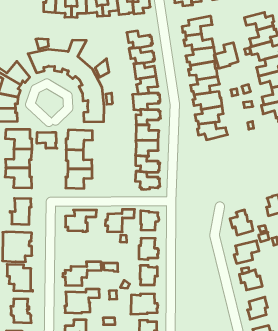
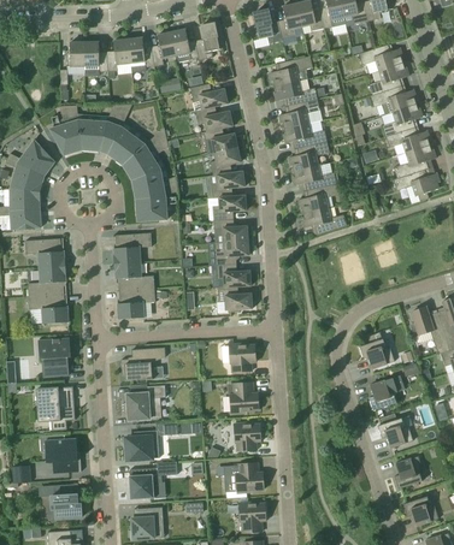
building: [215,43,238,68] -> none
building: [37,132,57,148] -> none
building: [105,209,135,232] -> [124,385,165,420]

